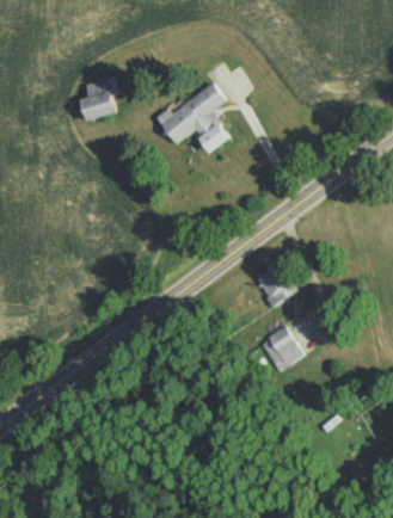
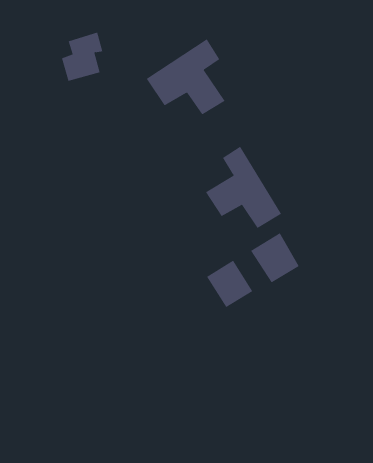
building: none -> [205,146,282,229]
building: [260,326,303,370] -> [206,260,253,308]

